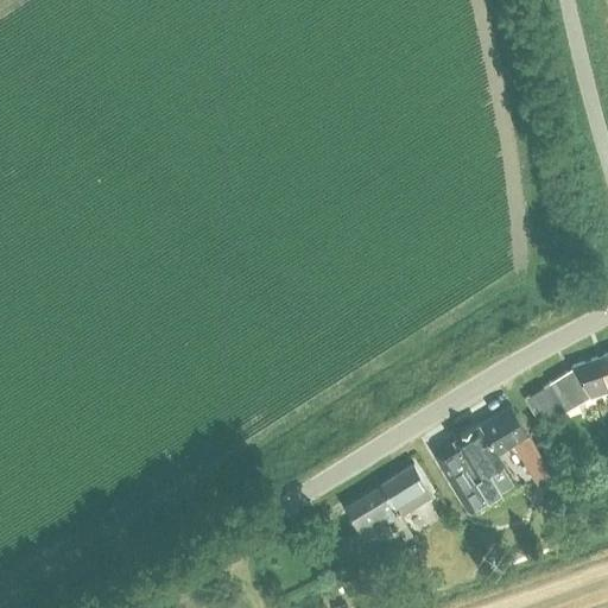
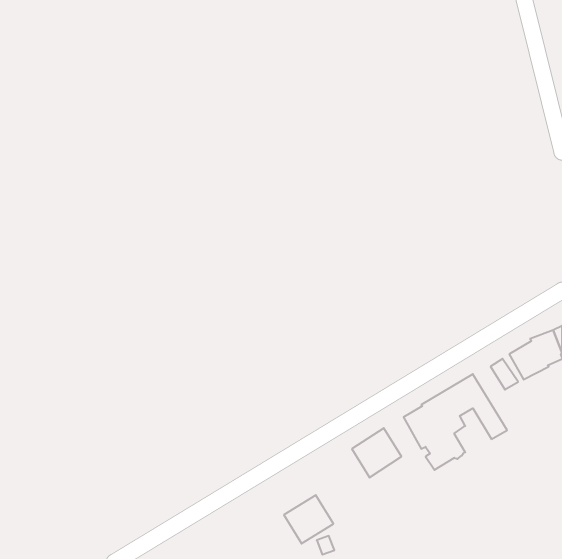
building: [346,488,399,540] -> [284,495,333,544]

